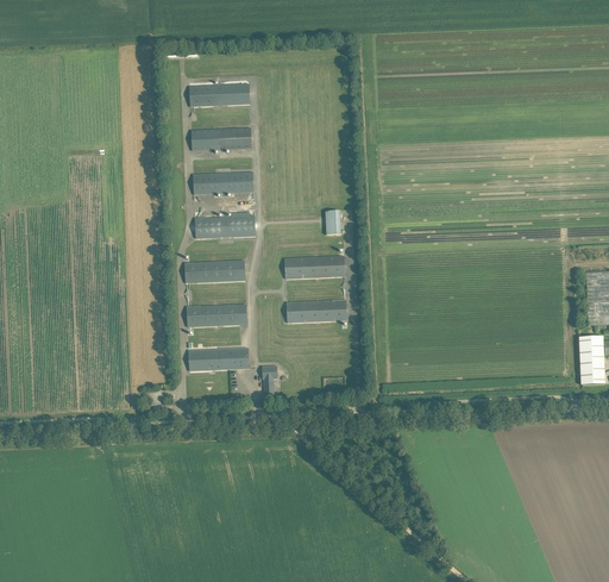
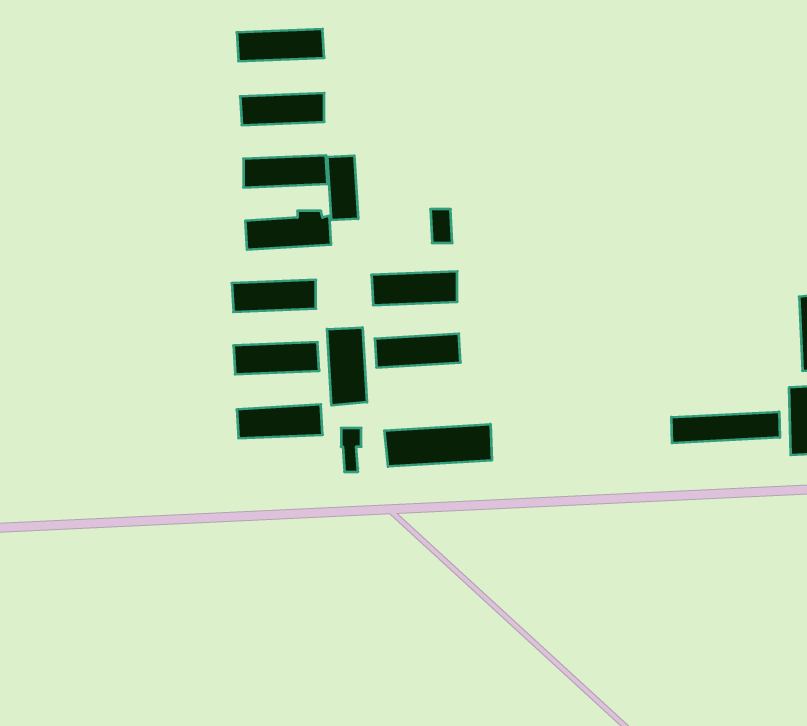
building: none -> [328,156,358,220]
building: none -> [327,327,367,405]
building: none -> [671,412,780,443]
building: none -> [384,424,492,467]

